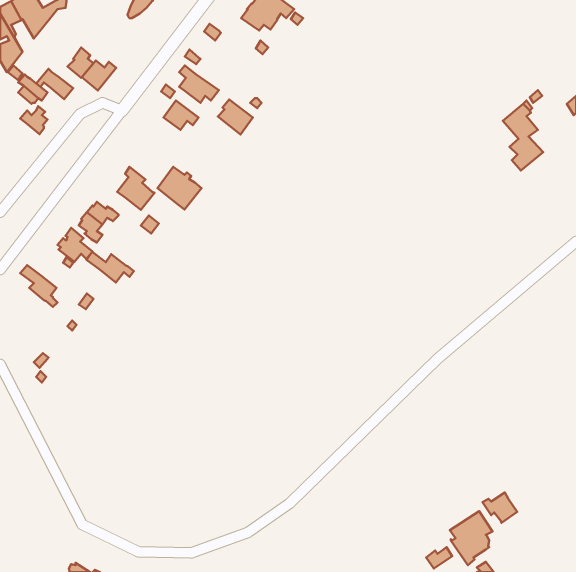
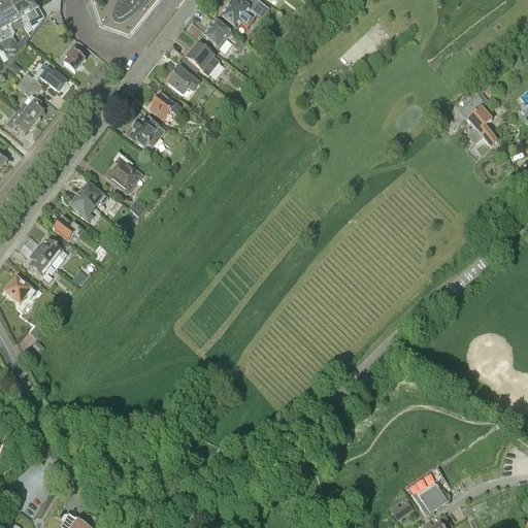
building: none -> [204,21,232,48]
building: [82,61,116,91] -> none
building: [218,99,253,134] -> [188,43,220,75]
building: none -> [7,108,36,133]
building: [158,167,201,210] -> [125,111,165,151]
building: [87,252,134,282] -> [25,235,68,263]
building: none -> [4,274,36,302]
building: [482,493,517,523] -> none

